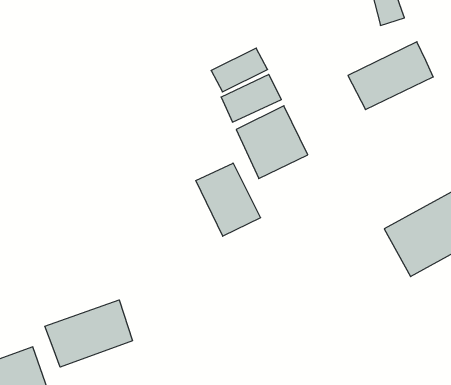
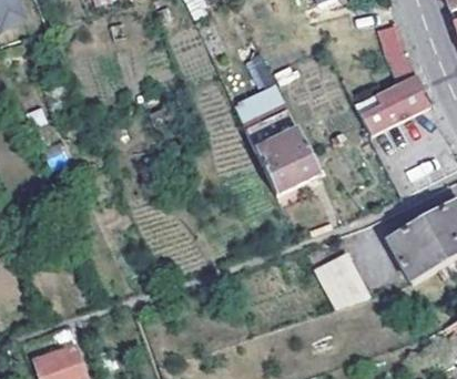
building: [196,163,261,236] -> none
building: none -> [316,250,367,306]
building: [45,300,133,367] -> none

